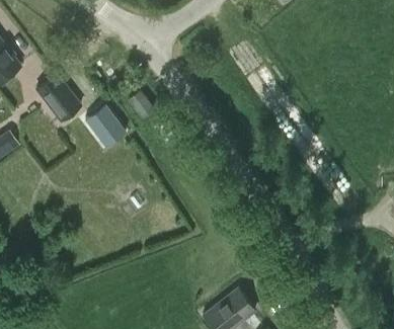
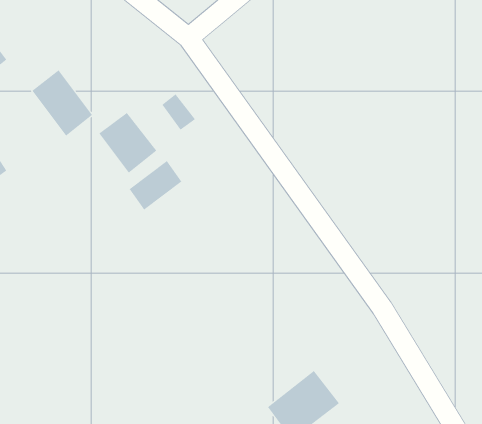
building: none -> [129,160,182,211]

